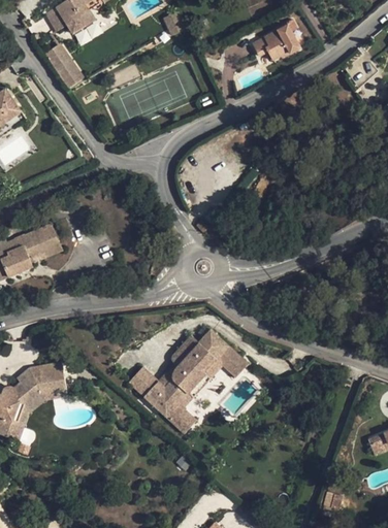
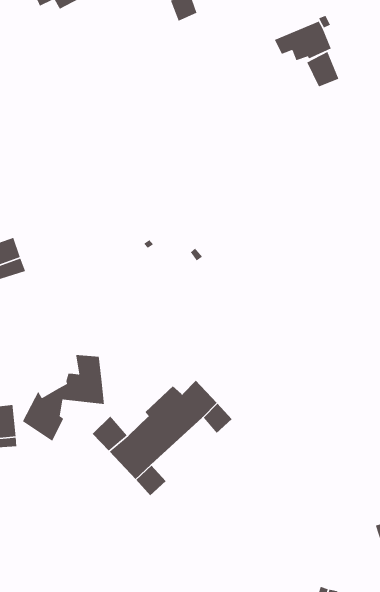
building: [44,43,84,88] -> none
building: none -> [306,51,340,88]
building: none -> [22,354,105,442]

